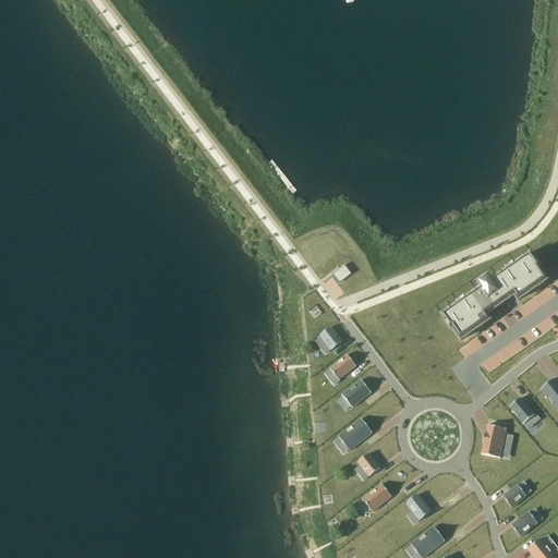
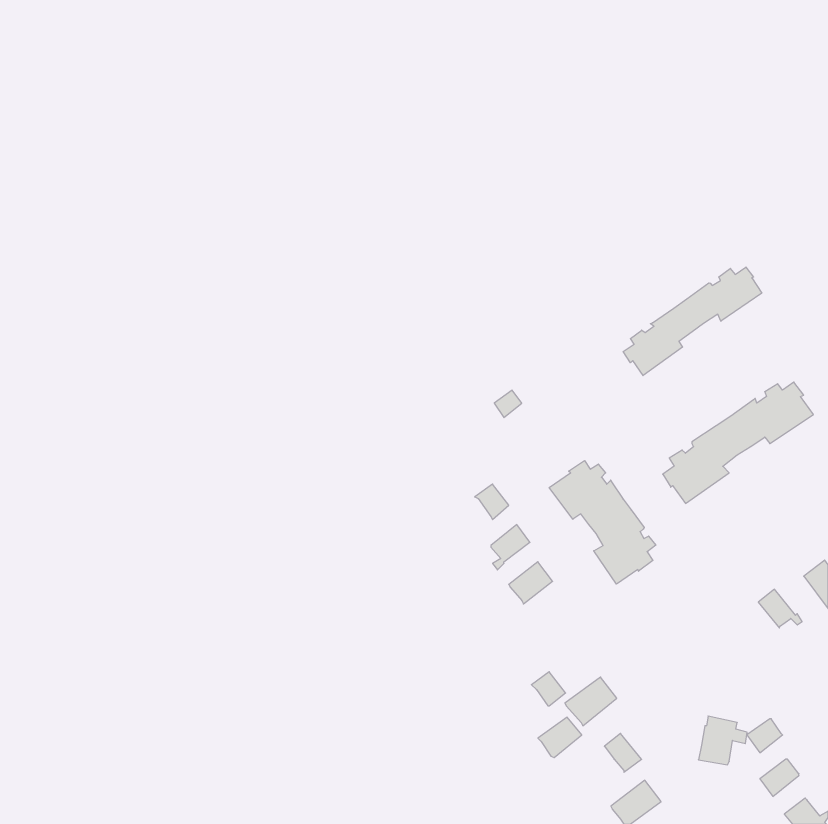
building: none -> [623,267,762,376]
building: none -> [549,461,656,584]
building: [338,417,373,450] -> [565,677,617,726]
building: [481,424,513,457] -> [698,716,747,765]

